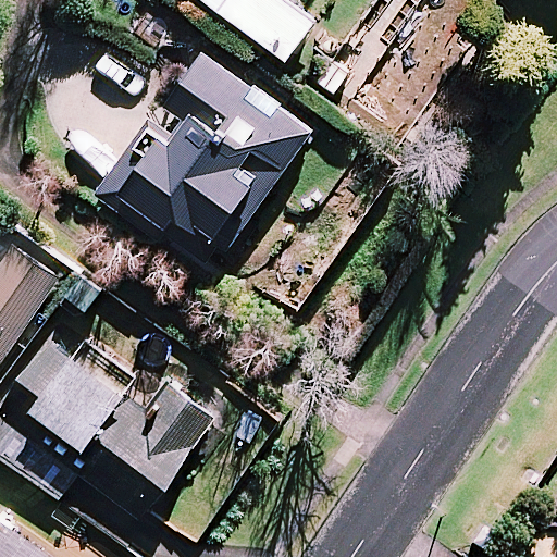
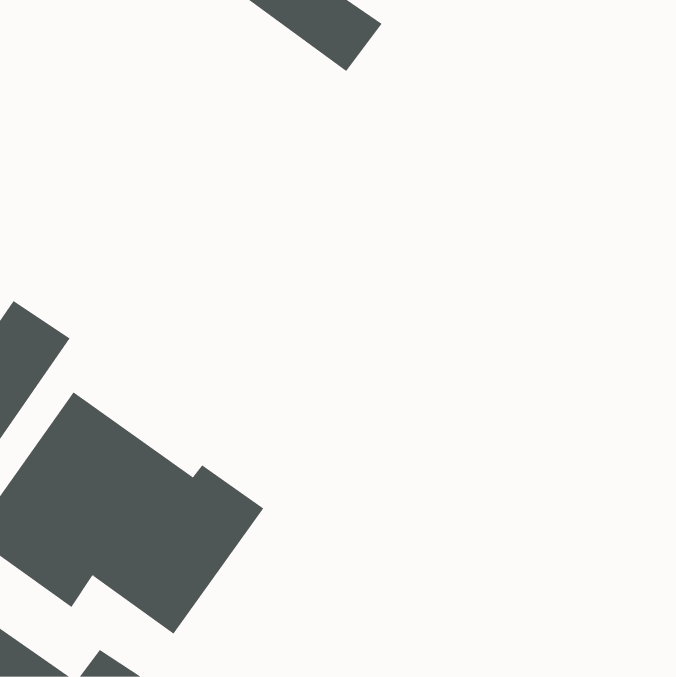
building: [100,52,311,243] -> none

